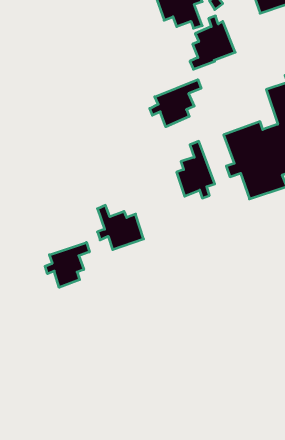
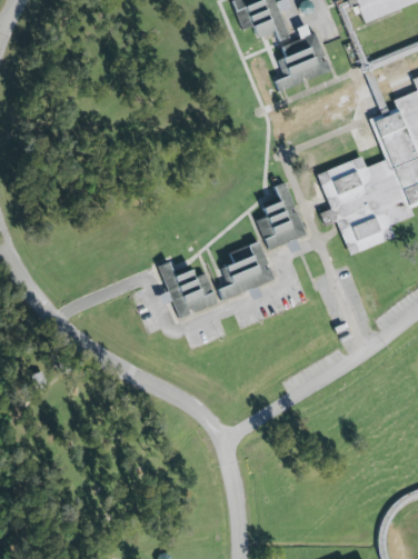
building: [150,80,201,127] -> none
building: none -> [218,240,272,298]
building: [45,242,89,287] -> none

